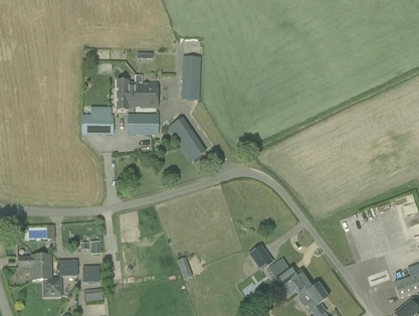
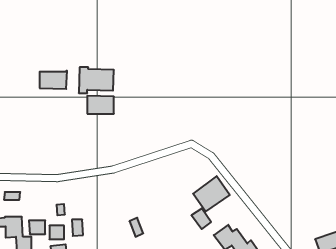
building: [181,55,200,99] -> none
building: [81,113,114,134] -> [40,71,67,89]
building: [167,117,206,161] -> none
building: none -> [193,176,230,212]

